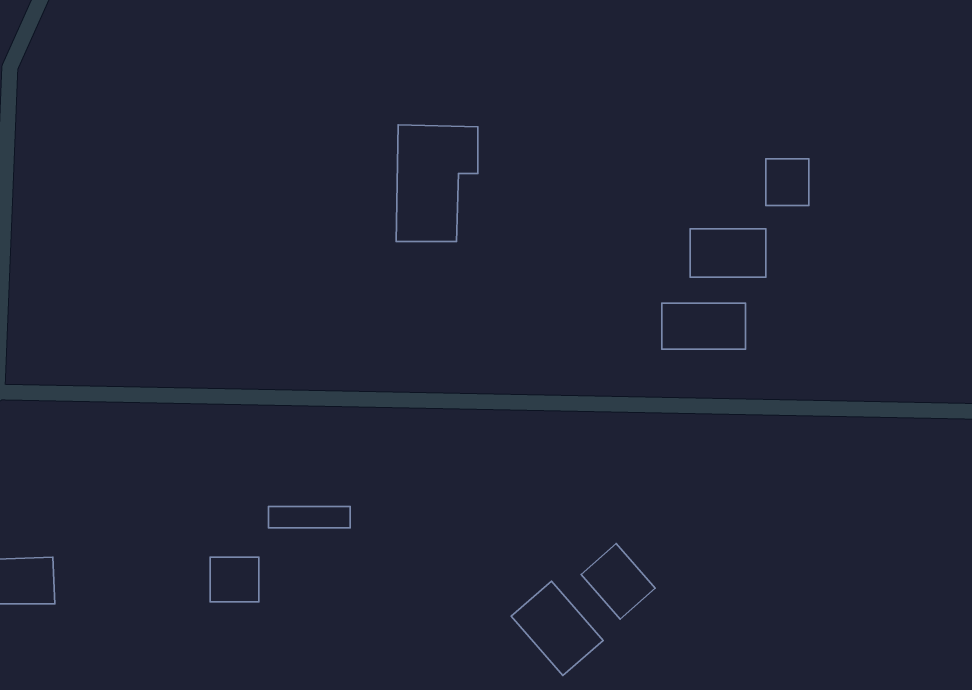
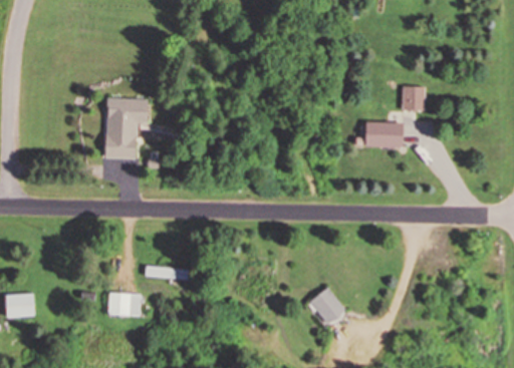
building: [396,125,478,241] -> [104,98,147,158]
building: [662,303,745,349] -> none
building: [511,581,603,675] -> none

